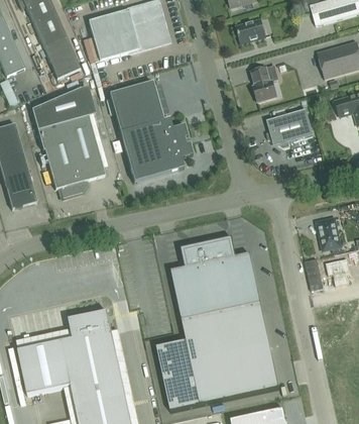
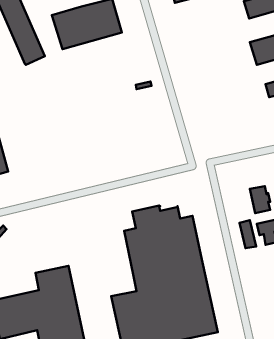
building: [236,18,265,42] -> none
building: [251,66,276,101] -> none
building: [109,81,193,181] -> none
building: [33,89,105,197] -> none
building: [266,108,314,146] -> none

